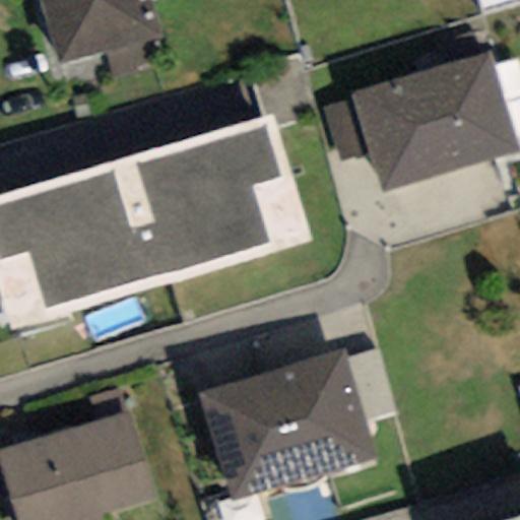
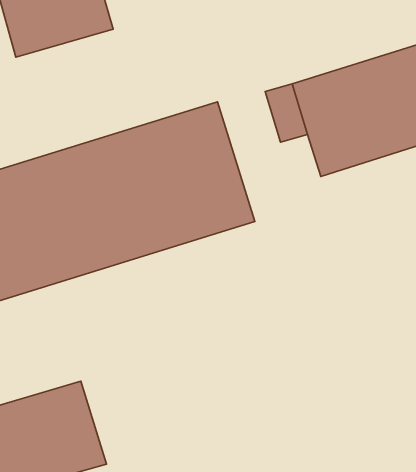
building: [200,350,376,500] -> none

